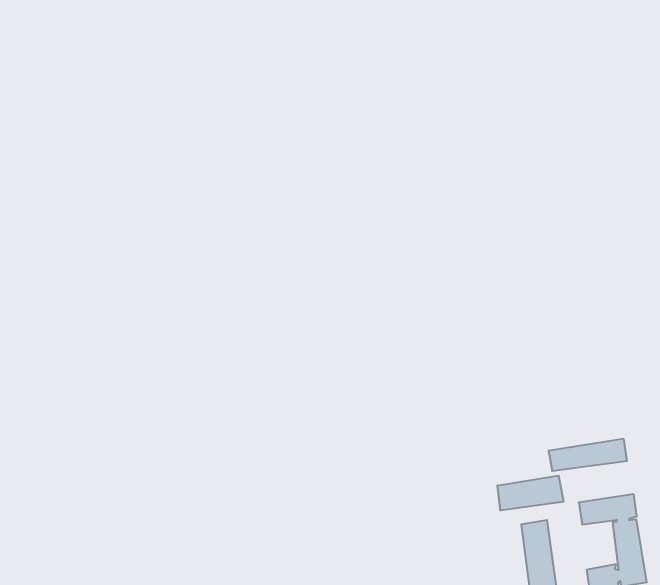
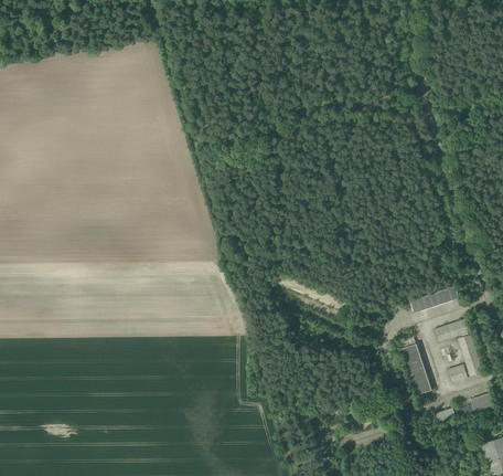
building: [497,476,563,511] -> none

